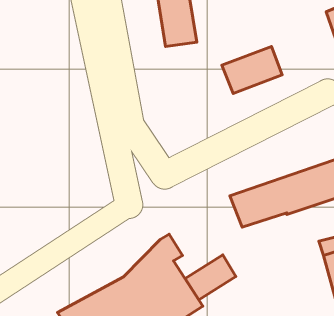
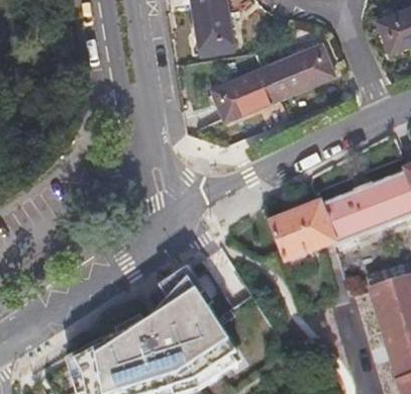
building: none -> [202,76,272,130]
building: [185,255,236,300] -> none

